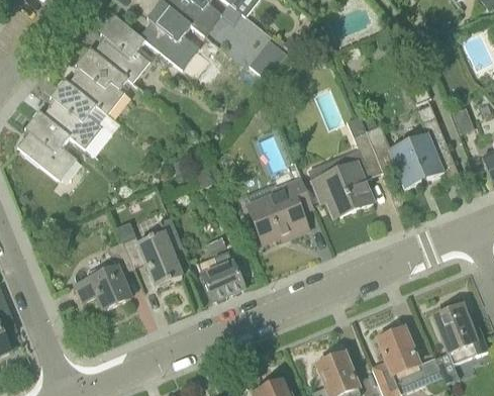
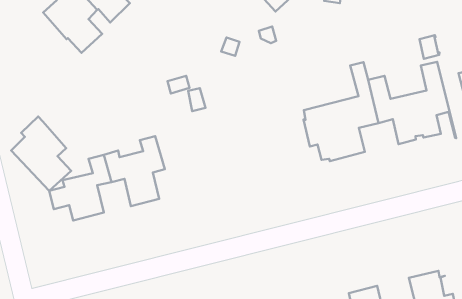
building: [18,109,79,179] -> [11,117,71,191]
building: [248,177,313,242] -> none
building: [198,249,244,300] -> none

